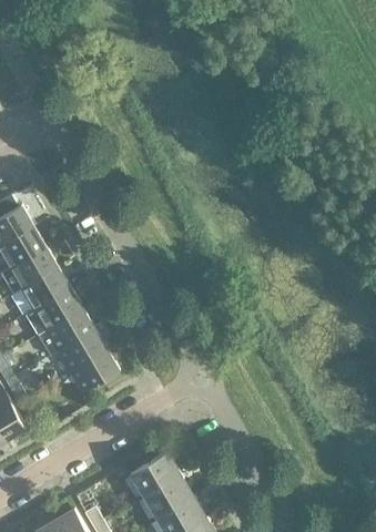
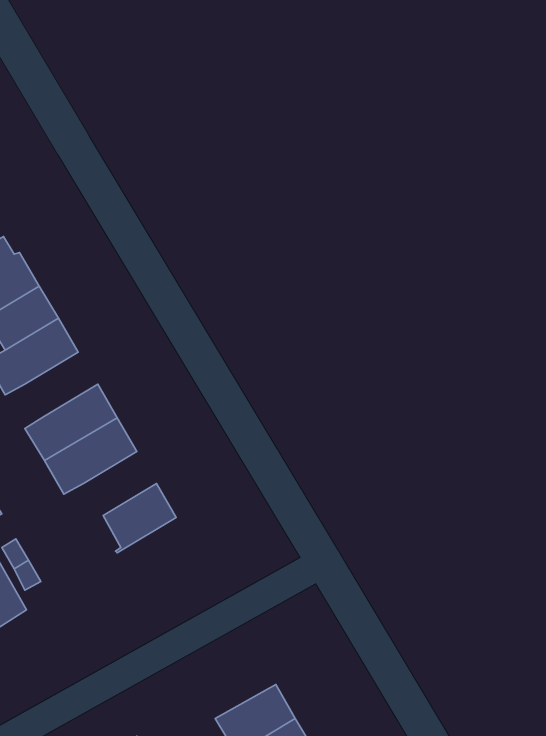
building: [24,268,70,308] -> none
building: [61,330,106,370] -> none
building: [130,452,181,497] -> none

